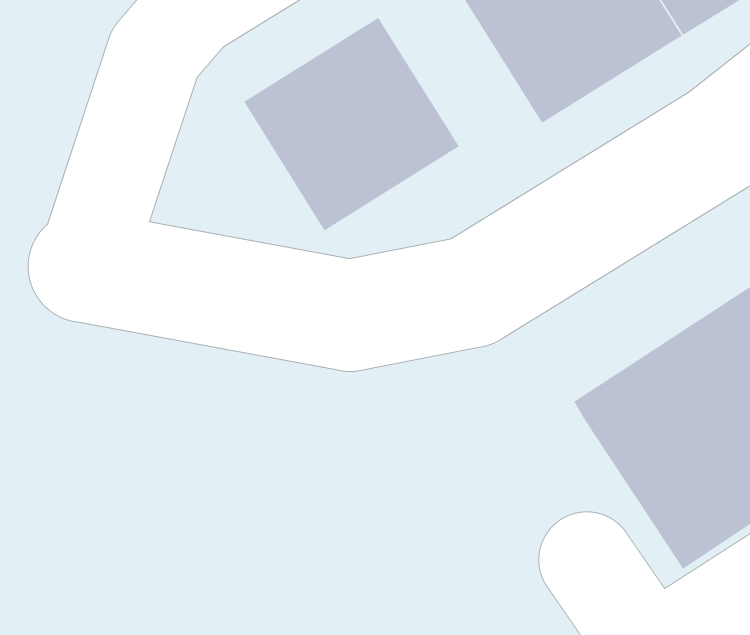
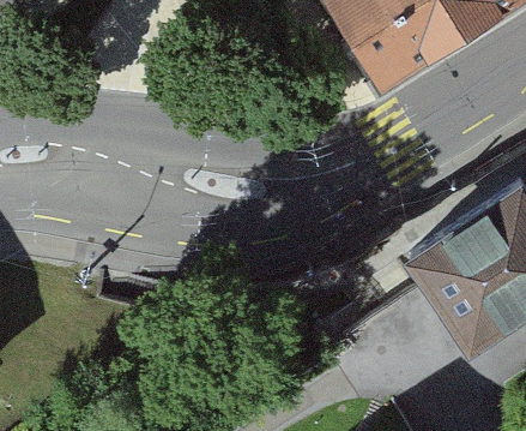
building: [243,17,460,231] -> none

